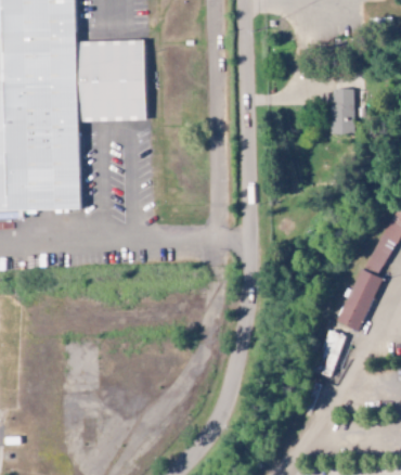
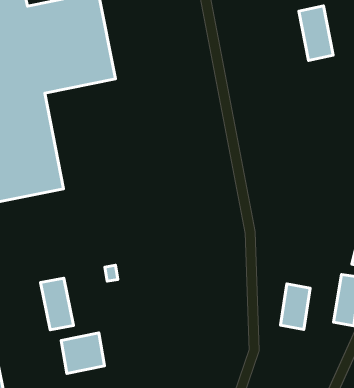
building: none -> [41,278,74,330]
building: none -> [280,284,310,329]

